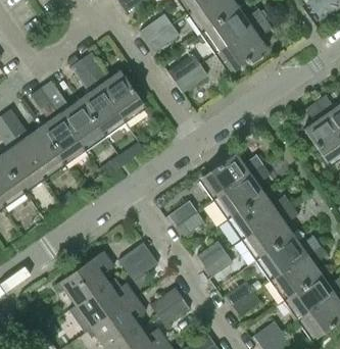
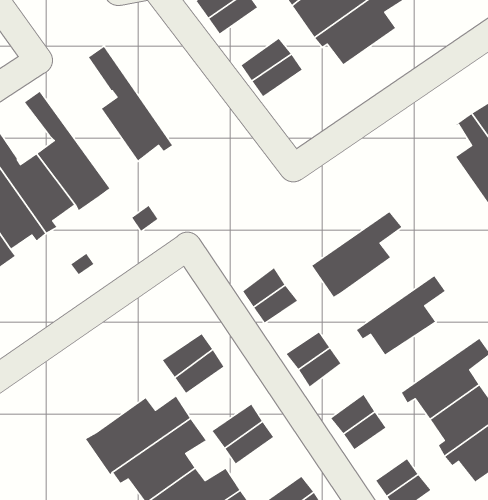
building: [82,52,147,122] -> none
building: [41,80,103,150] -> none
building: [203,153,263,199] -> none
building: [233,194,292,240] -> none
building: [260,235,321,280] -> none
building: [55,250,115,305] -> none

